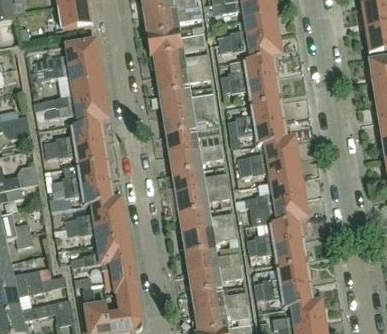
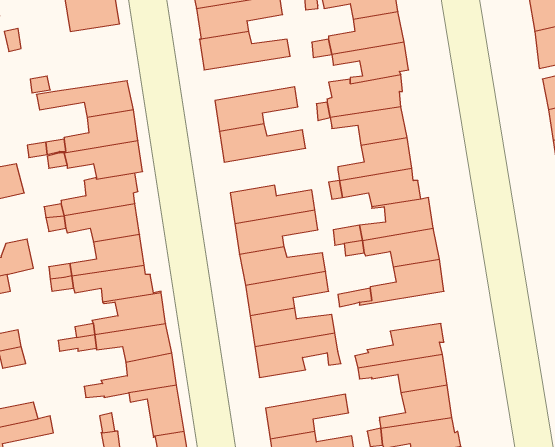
building: [50,40,99,68] -> none
building: [149,45,208,74] -> none
building: [162,105,217,134] -> none
building: [250,198,308,225] -> none
building: [185,249,241,274] -> none

